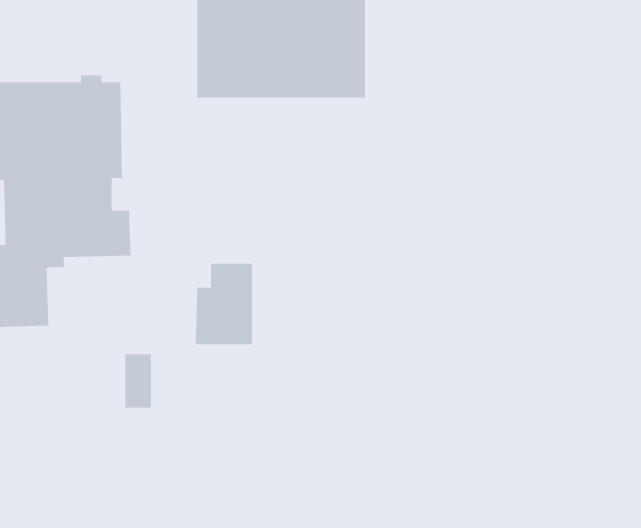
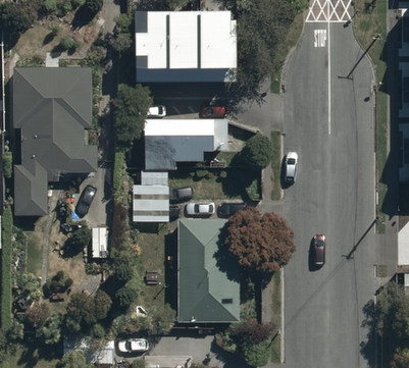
building: none -> [142,118,227,173]
building: none -> [180,221,236,323]

